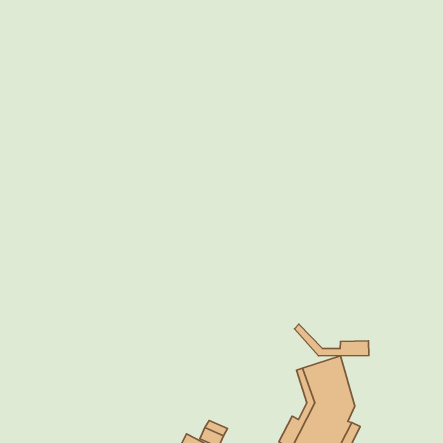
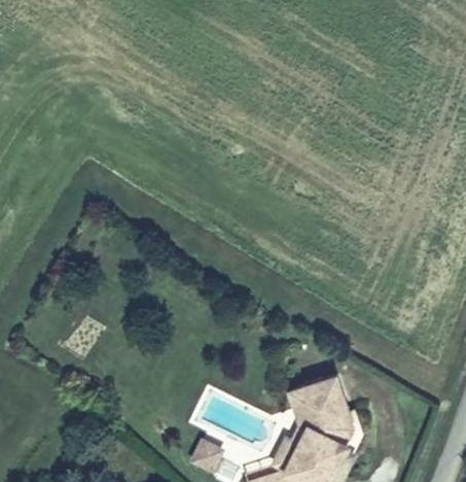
building: [294,324,369,356] -> none

